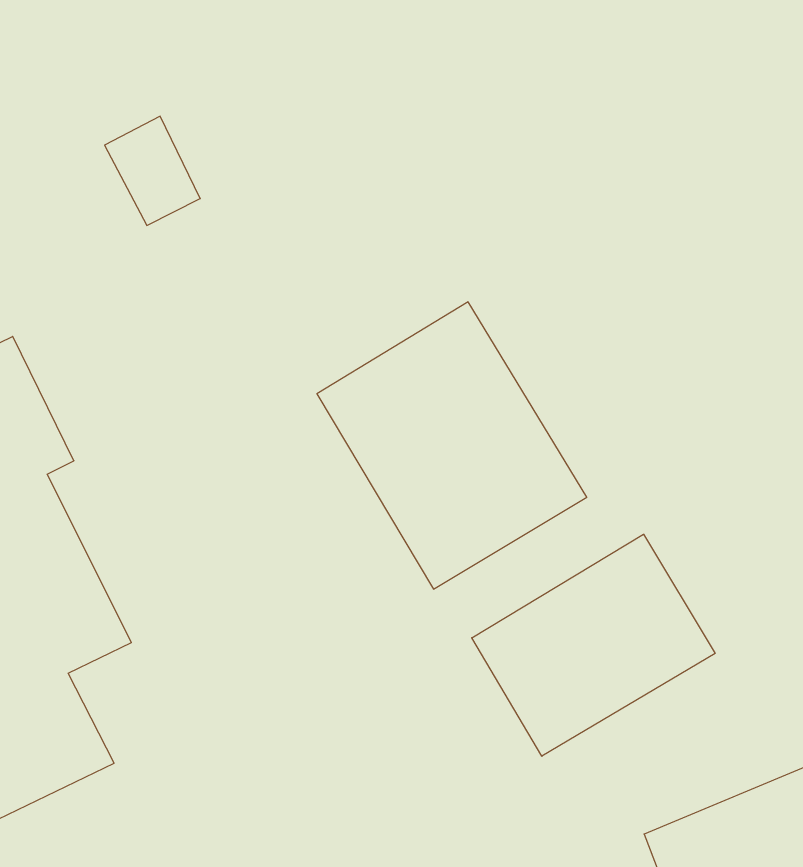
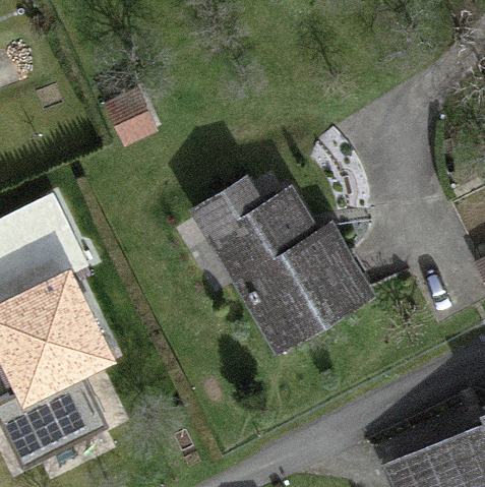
building: [472,534,715,756] -> none

